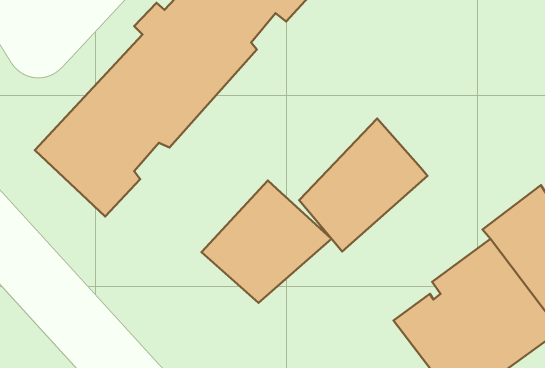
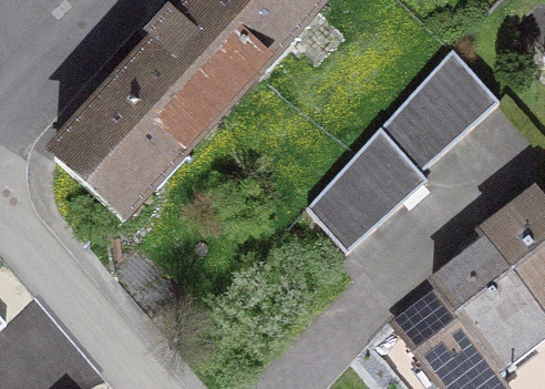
building: none -> [381,48,501,171]
building: [201,181,332,303] -> none

